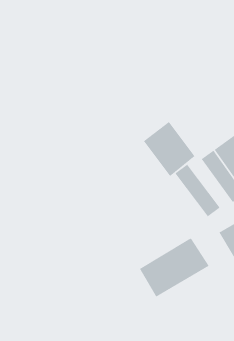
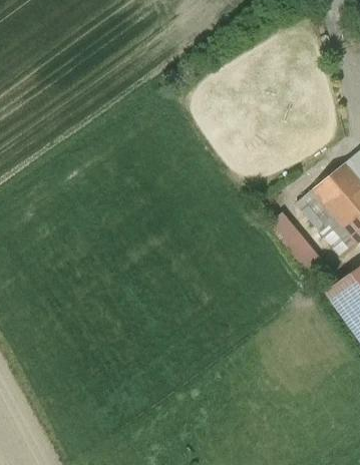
building: [143,121,195,177] -> none
building: [139,238,210,297] -> none

